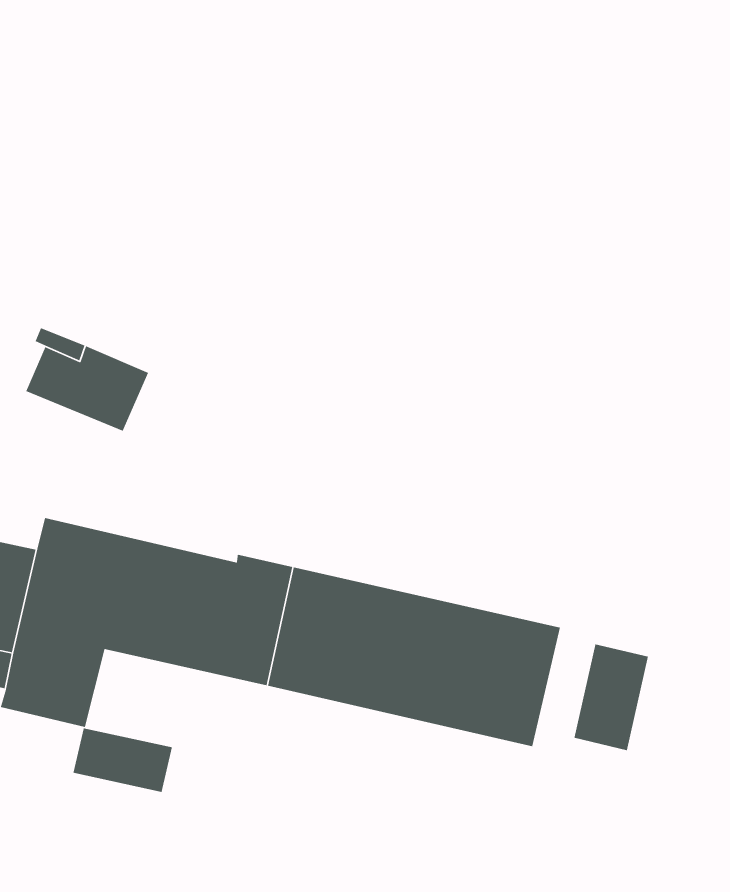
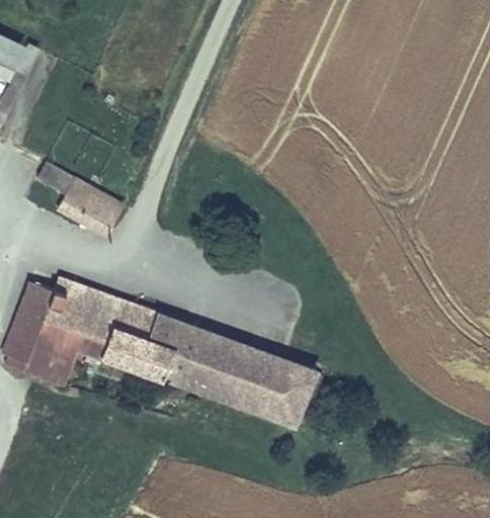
building: [573,643,649,751] -> none
building: [72,727,173,793] -> none

